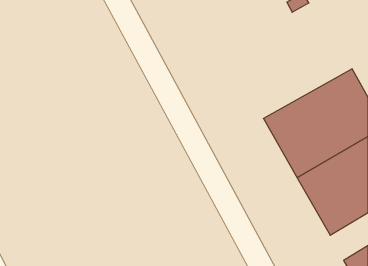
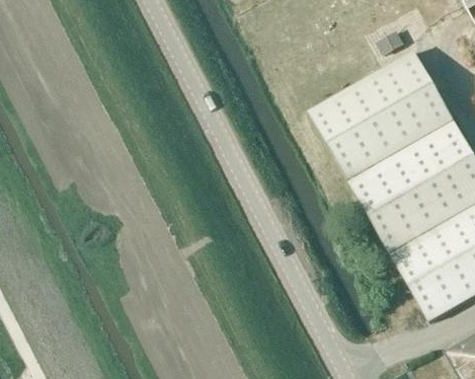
building: none -> [308,50,455,180]

